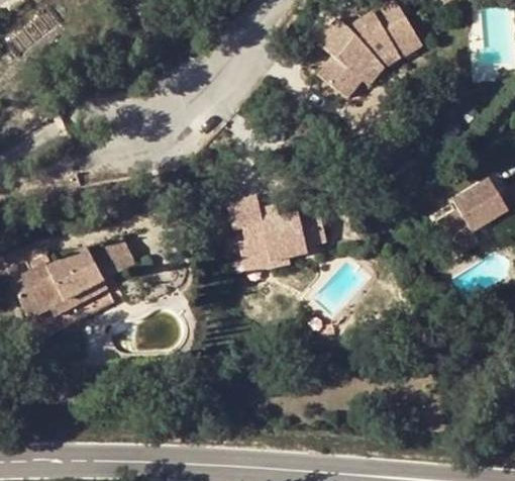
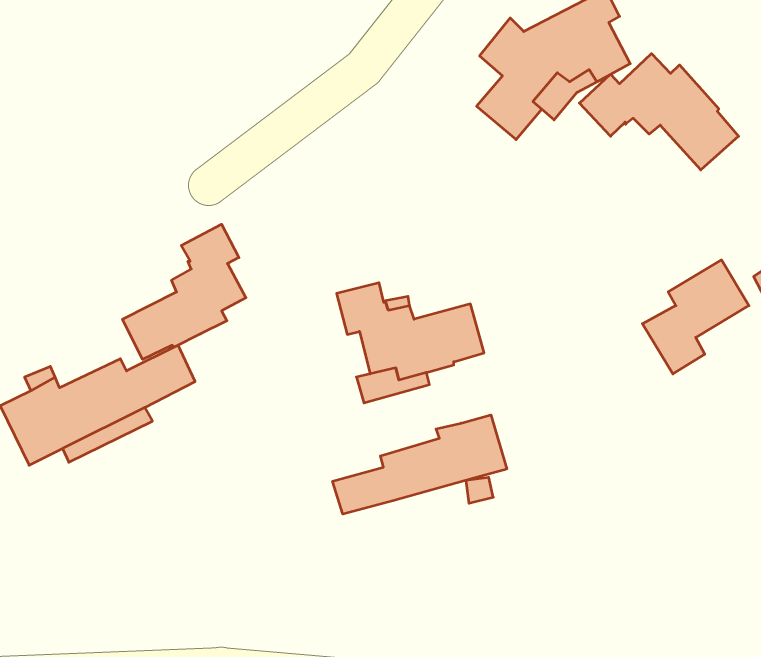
building: none -> [579,54,739,170]
building: none -> [123,224,246,359]
building: none -> [333,415,507,514]

